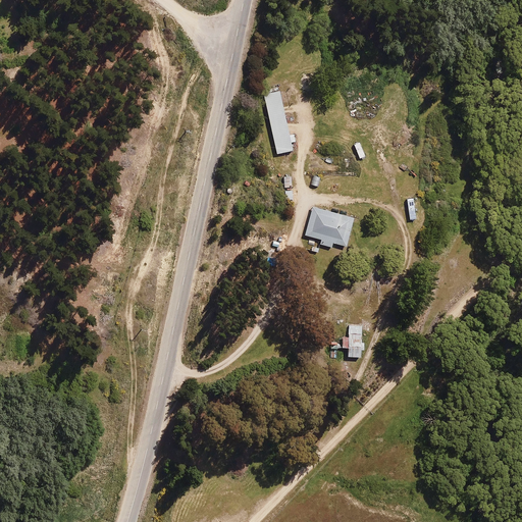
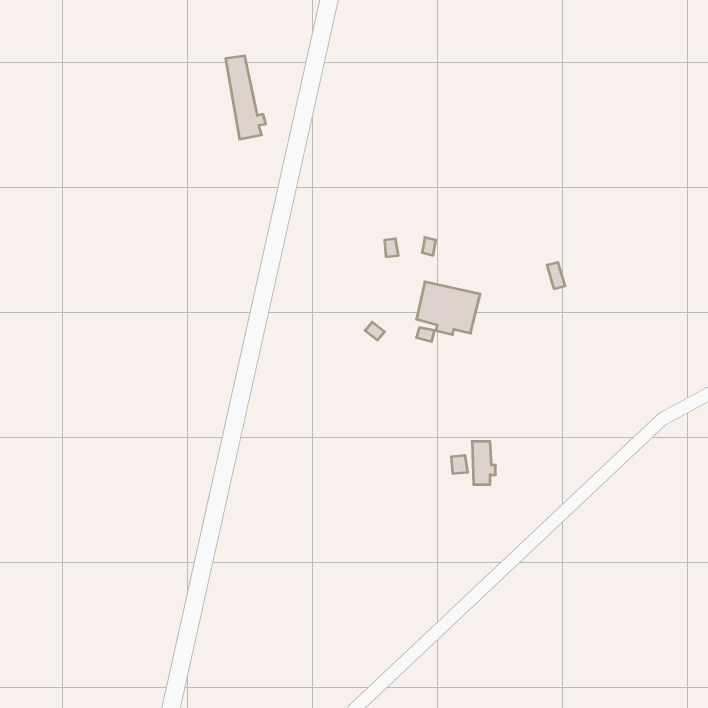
building: [265,92,295,153] -> [226,56,266,139]

